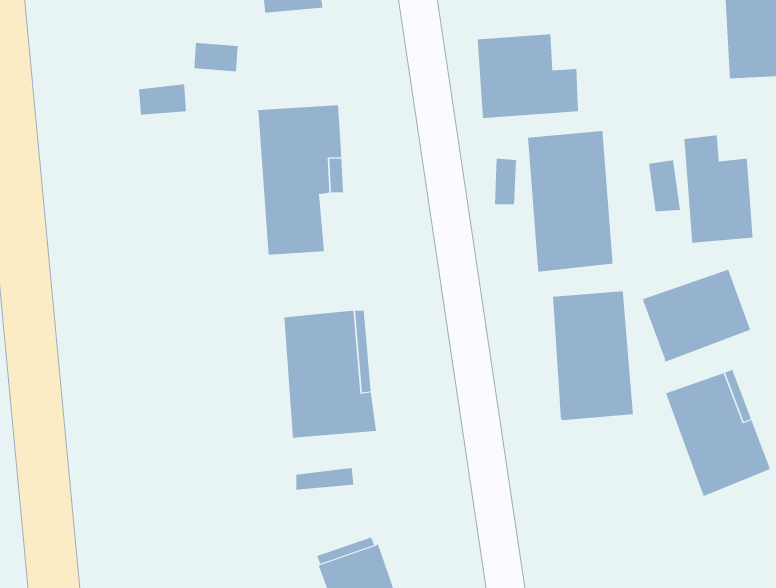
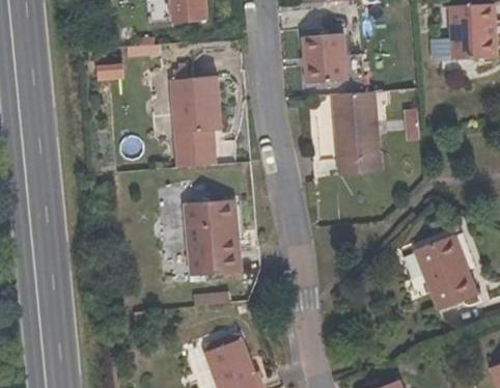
building: [684,135,753,243] -> none
building: [643,269,751,362] -> none
building: [553,291,634,421] -> none

